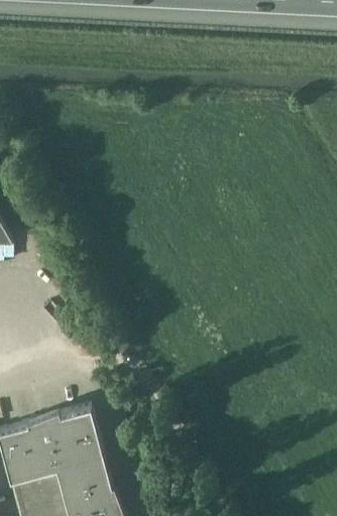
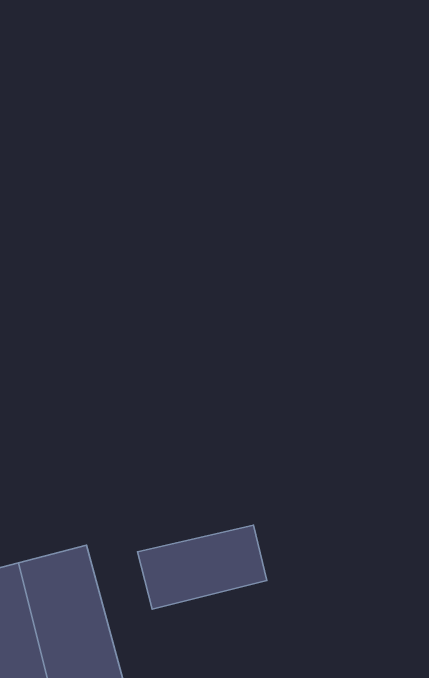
building: none -> [138,525,267,609]

